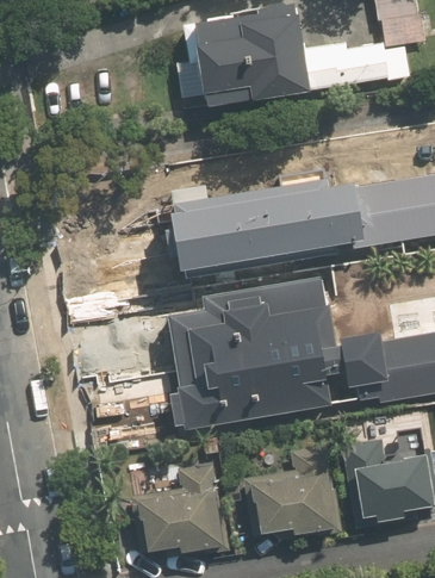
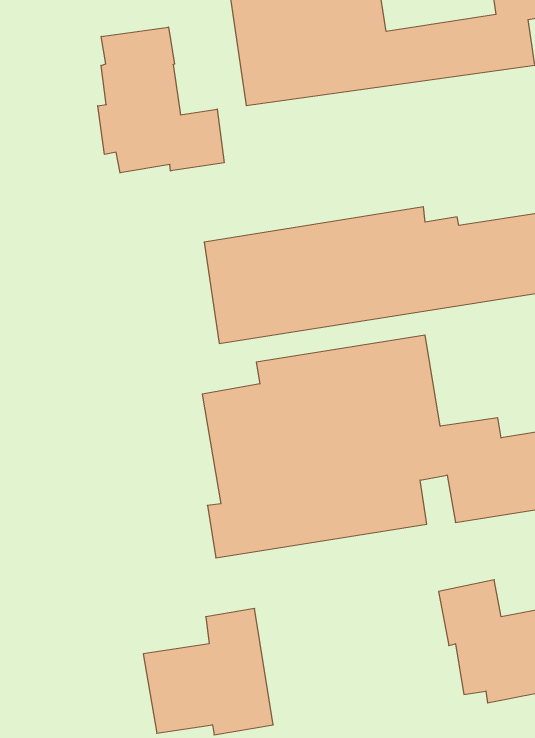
building: none -> [98,27,224,173]
building: [242,443,340,543] -> none

